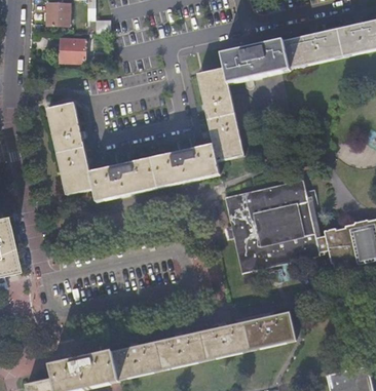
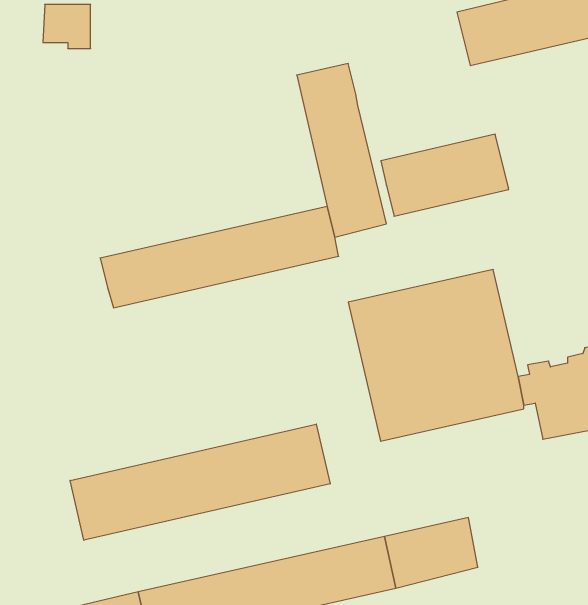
building: [221,40,290,84] -> [381,134,509,216]
building: [45,101,95,195] -> none
building: none -> [70,424,330,540]

